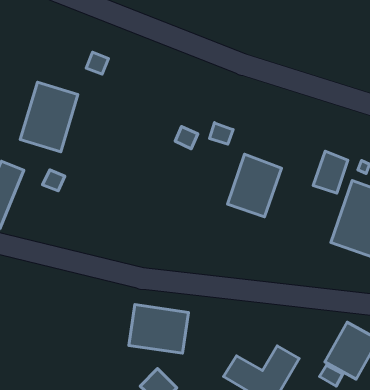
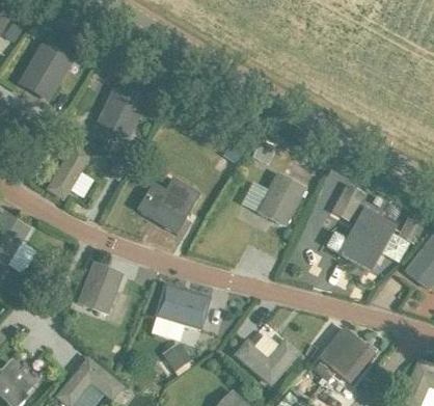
building: none -> [136,175,198,232]
building: none -> [79,262,125,315]

